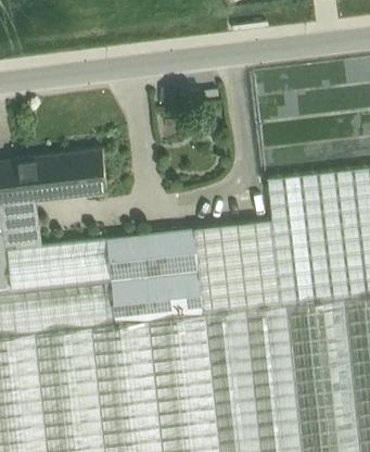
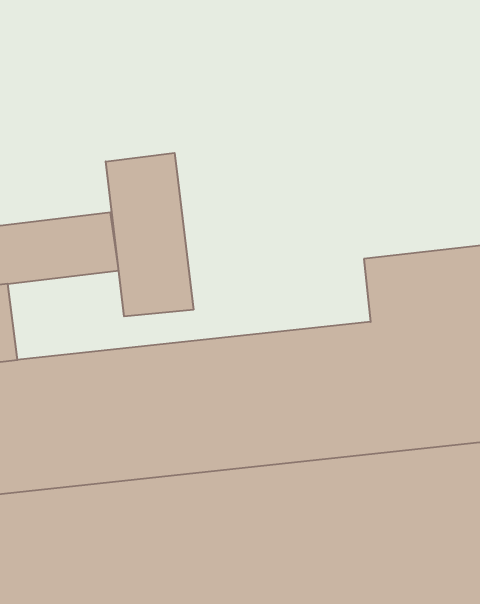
building: none -> [106,153,193,316]

